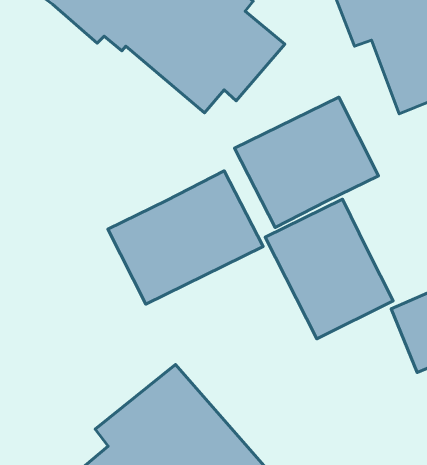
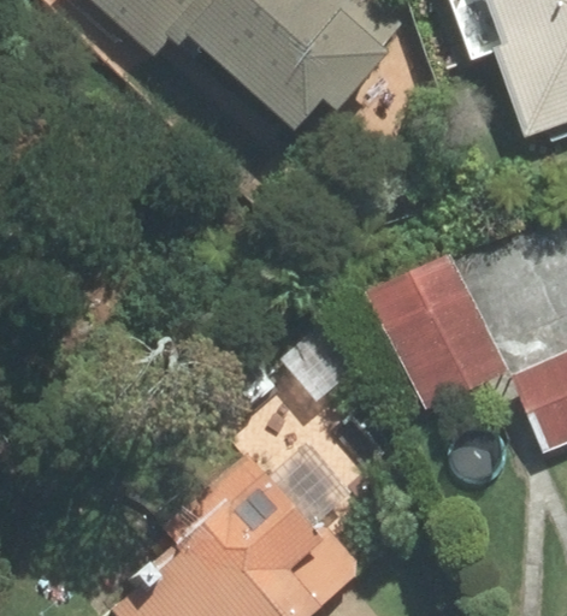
building: [234,97,378,228] -> none
building: [108,171,263,304] -> none

